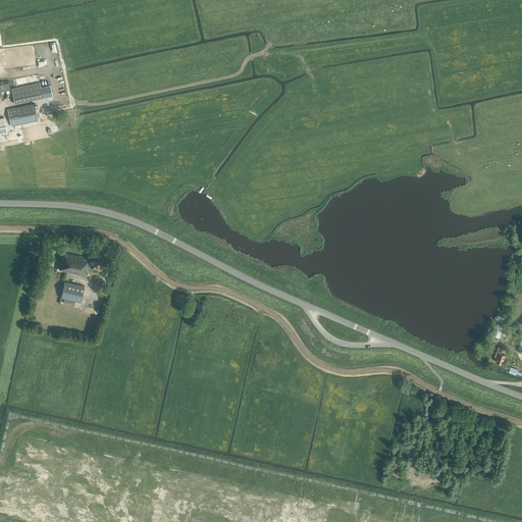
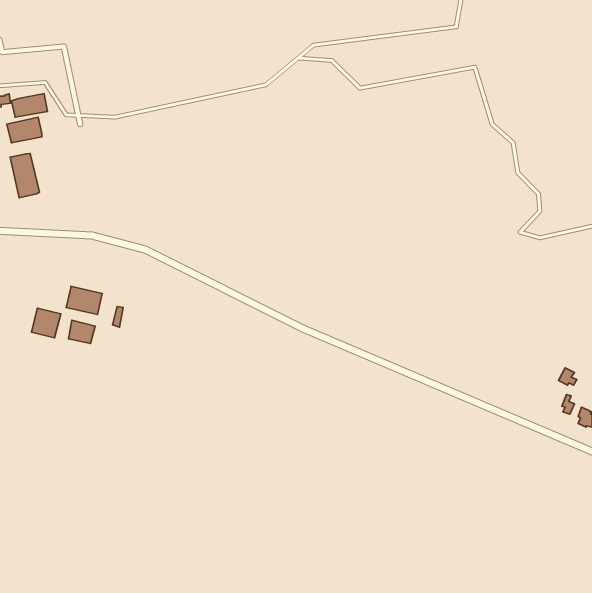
building: none -> [10,154,40,198]
building: none -> [32,308,61,338]

